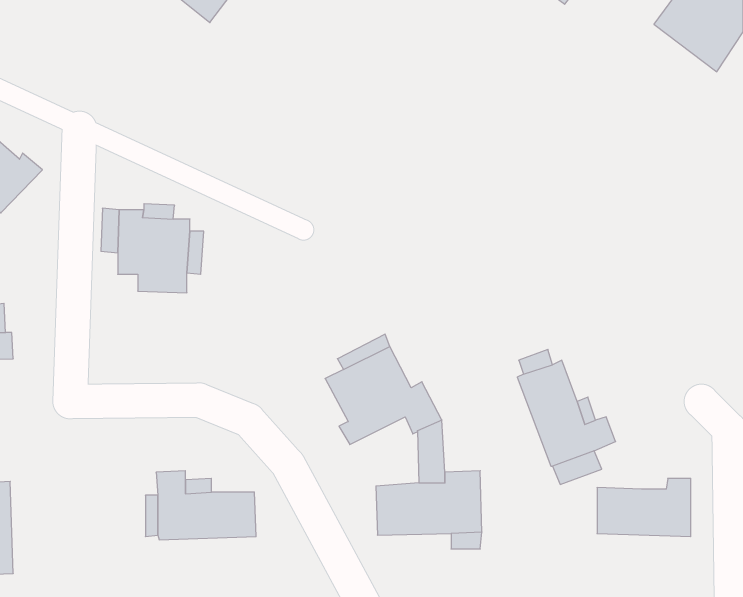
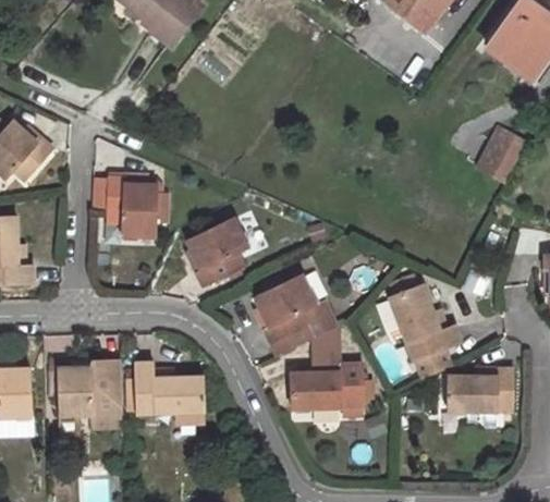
building: none -> [477,128,525,182]
building: none -> [186,218,246,287]
building: none -> [58,360,124,428]

